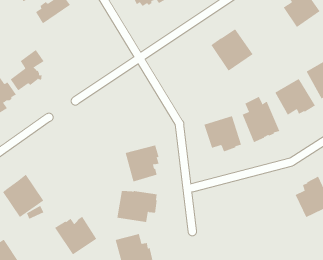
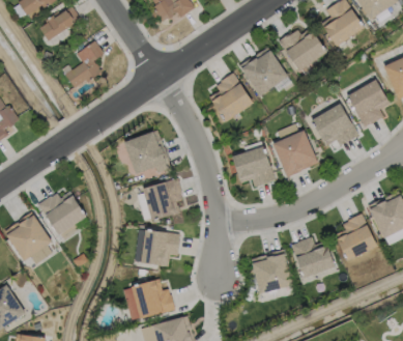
building: none -> [278,26,327,70]
building: [10,49,44,91] -> [65,41,105,89]
building: none -> [208,73,252,121]
building: none -> [123,130,171,174]
building: none -> [291,237,335,278]
building: none -> [251,250,292,294]
building: [54,216,97,255] -> [36,191,85,235]

